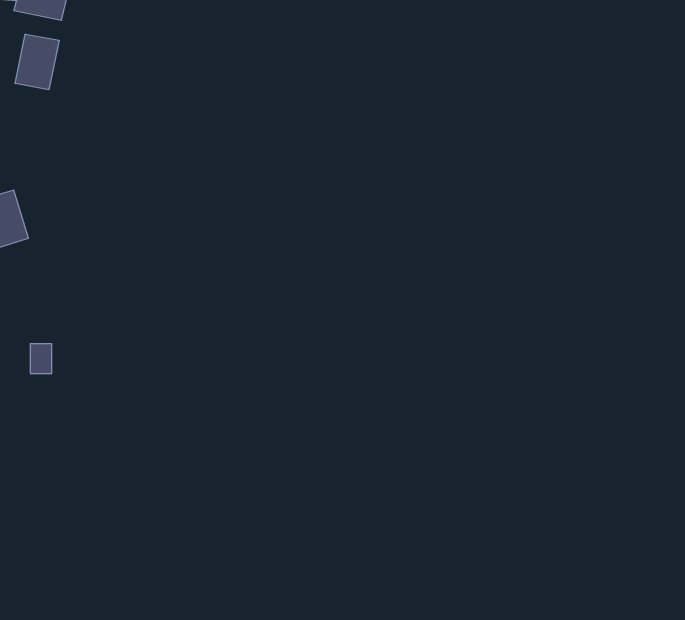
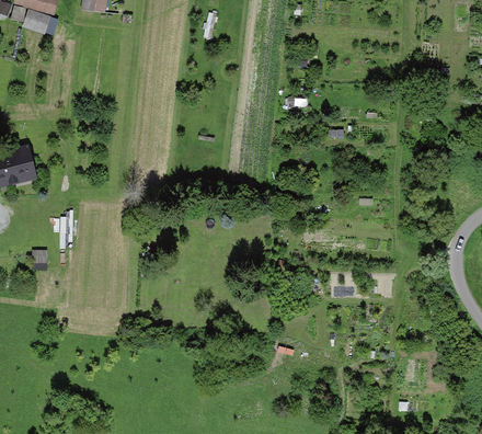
building: [15,34,59,90] -> none

